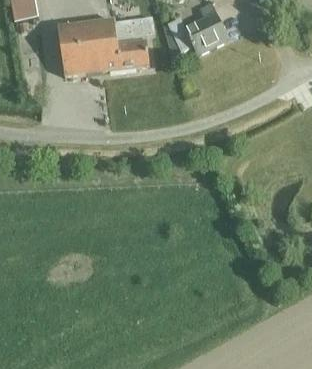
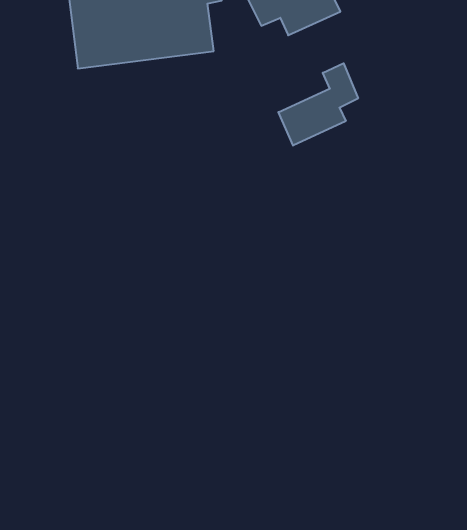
building: none -> [278,63,358,146]

